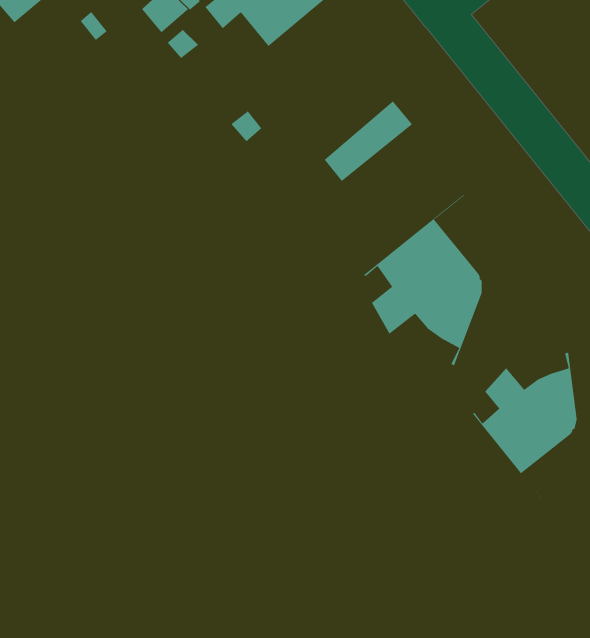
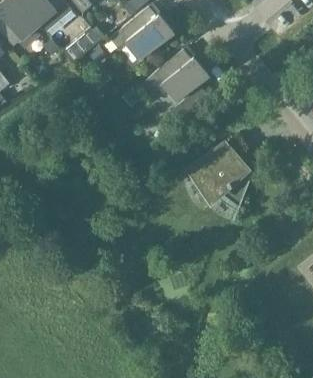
building: none -> [143,49,208,101]
building: [472,352,577,500] -> none

